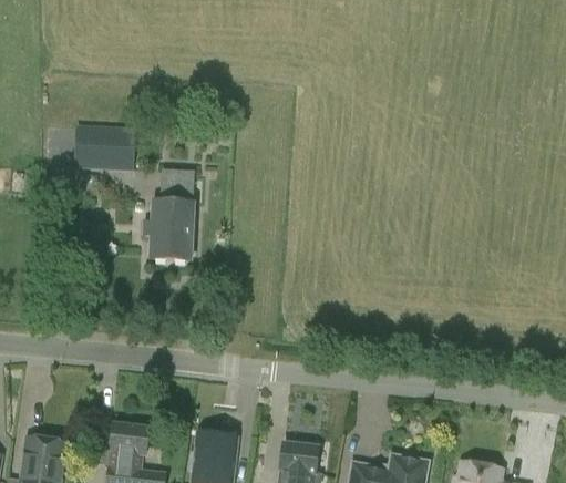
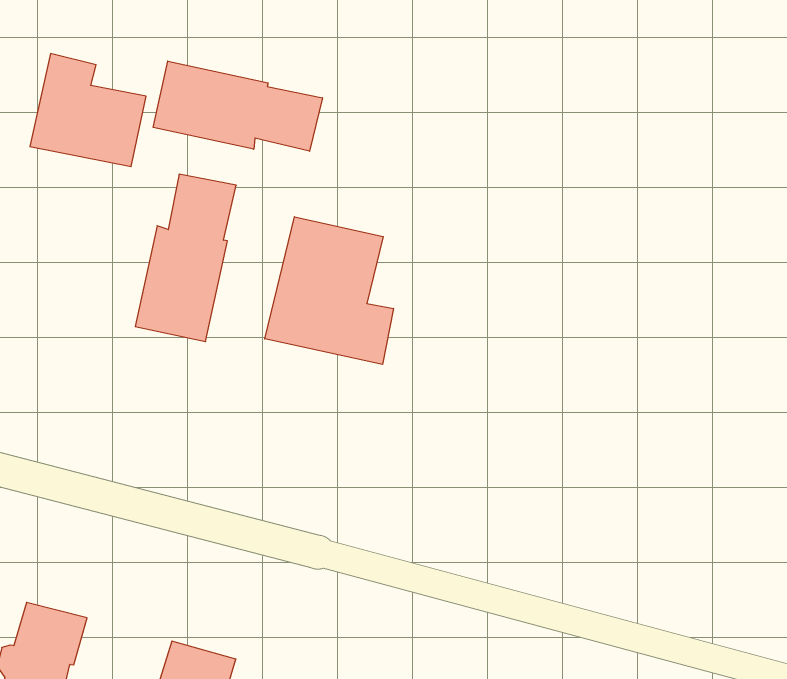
building: none -> [153,61,322,151]
building: none -> [265,217,393,364]

